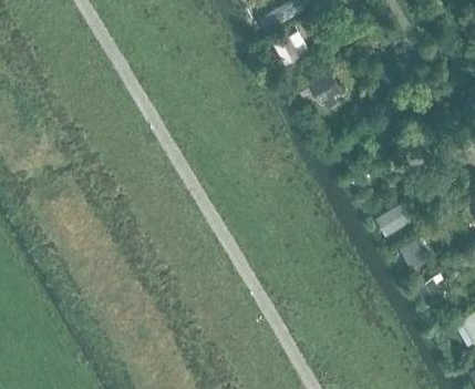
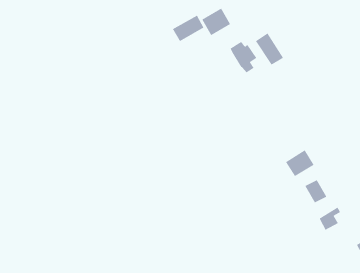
building: none -> [172,15,204,42]
building: none -> [255,32,284,66]

